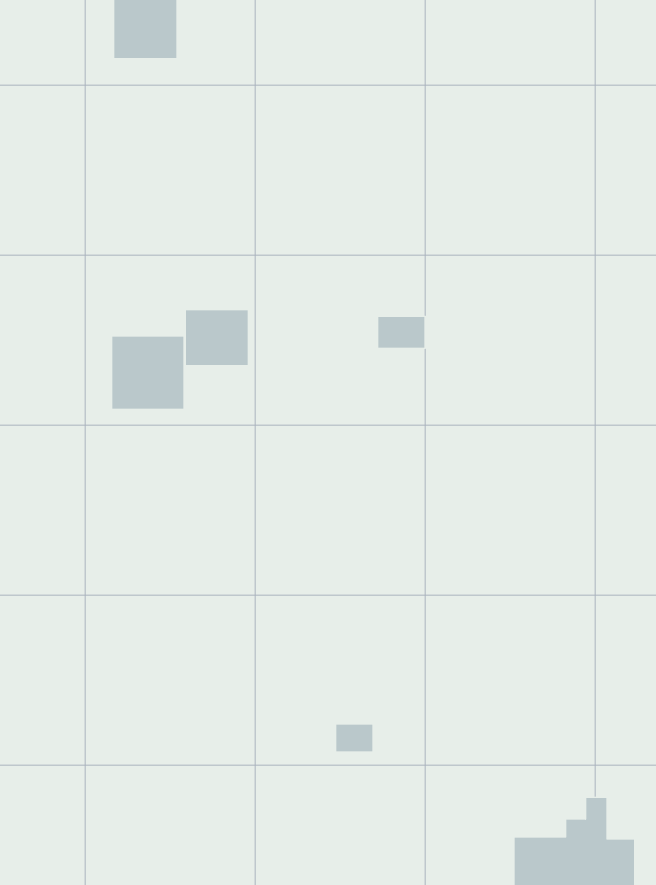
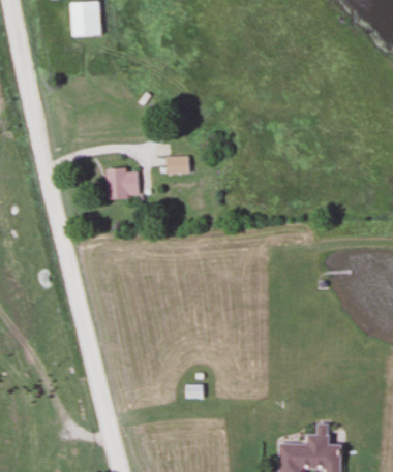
building: [378,316,425,348] -> [165,157,190,174]
building: [112,336,184,409] -> none

